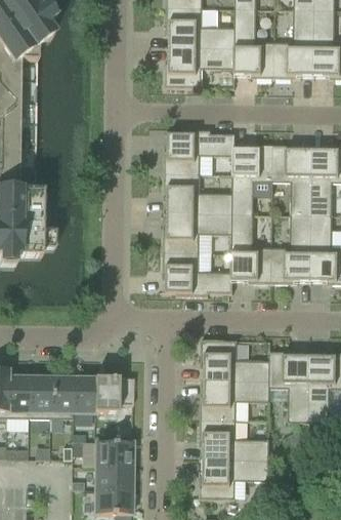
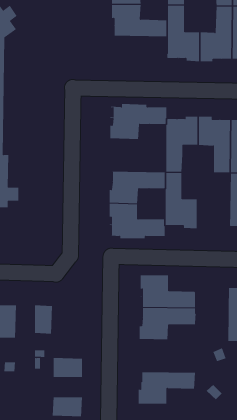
building: [165,46,235,87] -> none
building: [163,172,232,213] -> none
building: [271,214,311,283] -> none
building: [268,351,309,422] -> none
building: [49,376,72,417] -> none
building: [93,377,132,412] -> none
building: [199,418,269,459] -> none
building: [94,466,131,489] -> none

